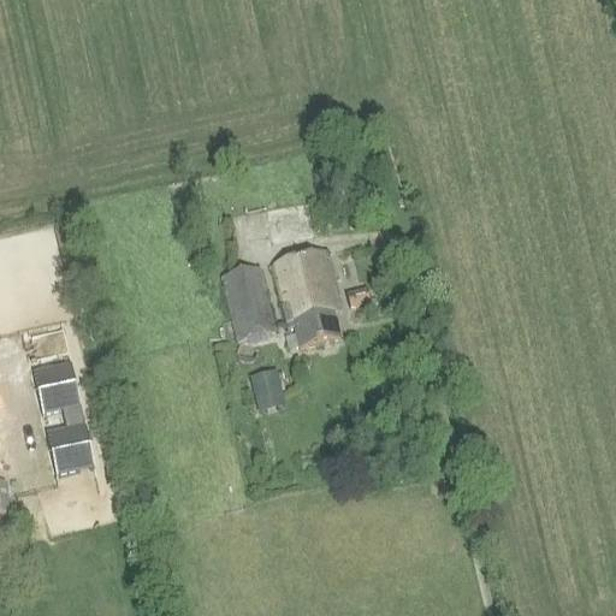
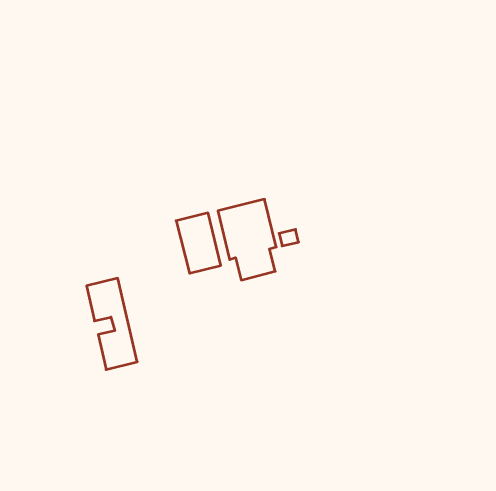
building: [32,360,95,473] -> [87,278,137,370]
building: [249,367,284,409] -> none

